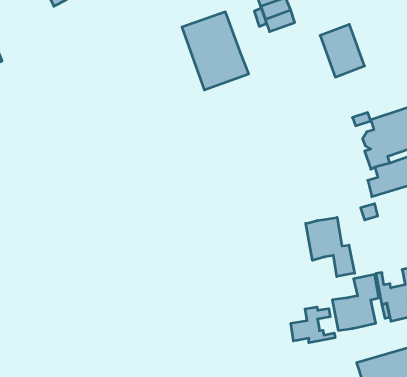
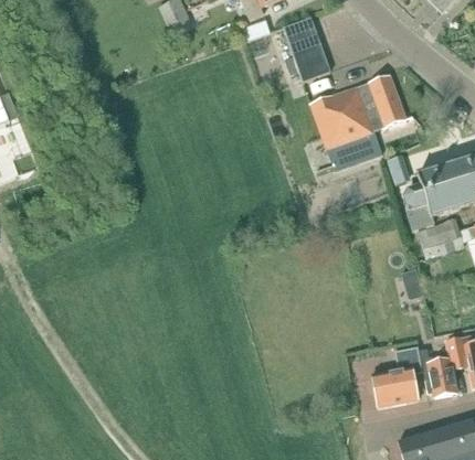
building: [182,12,249,90] -> [309,86,382,171]
building: [306,217,355,277] -> none
building: [291,307,335,343] -> none

